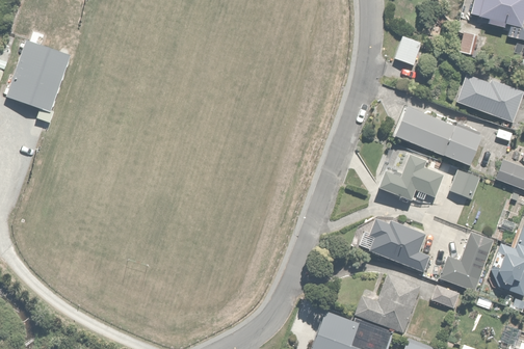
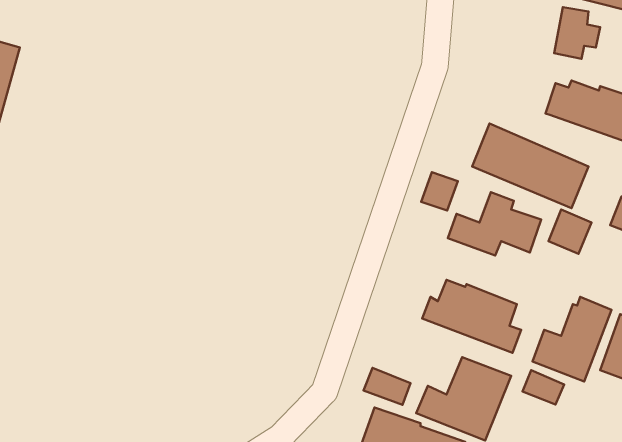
building: [395,34,422,64] -> none
building: none -> [421,172,458,211]
building: none -> [364,368,411,405]

